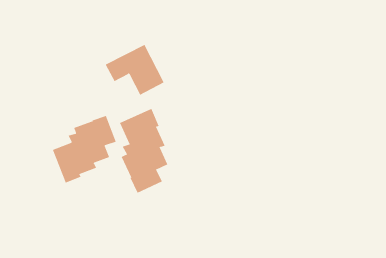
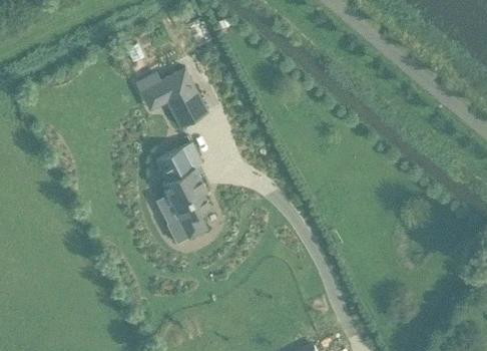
building: [52,115,116,183] -> none

